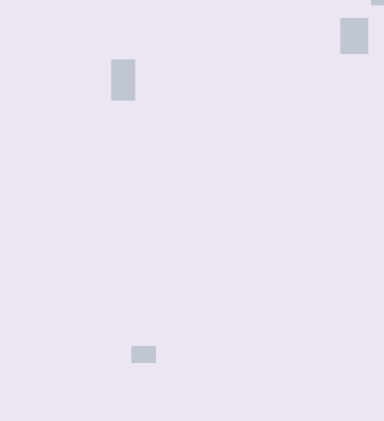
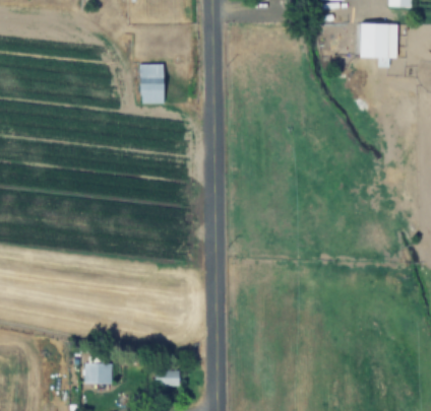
building: [130,345,157,363] -> [155,369,180,387]
building: none -> [83,362,112,385]

